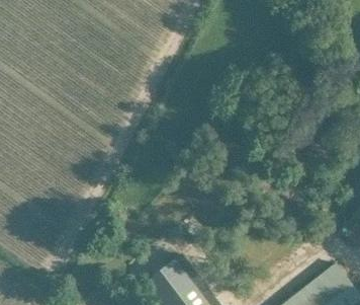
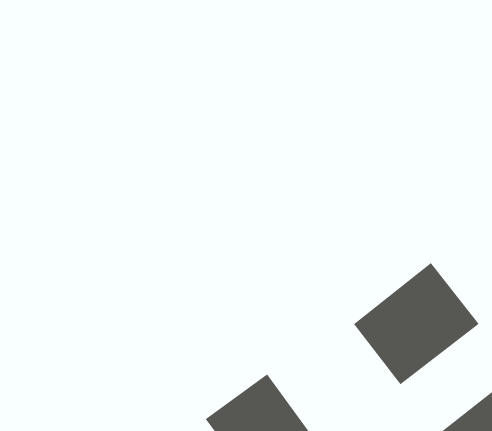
building: none -> [353,262,479,385]

